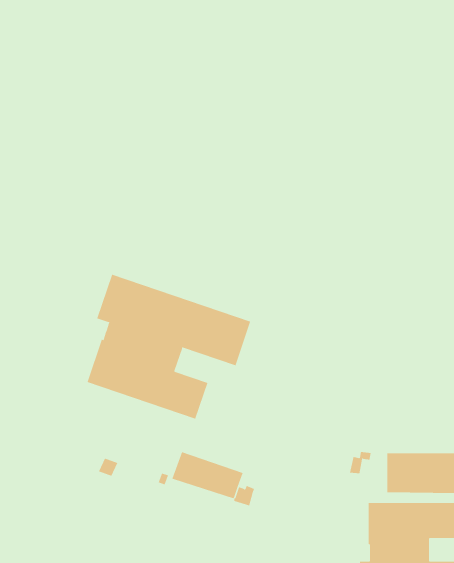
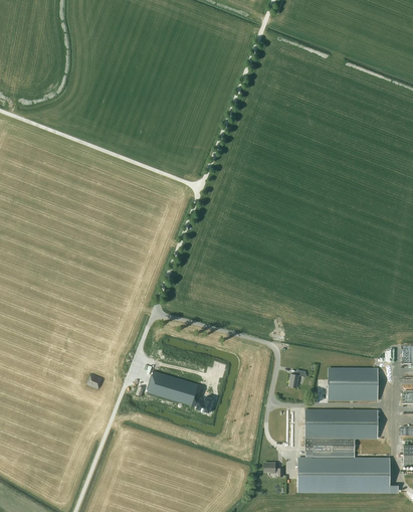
building: [87,274,251,420] -> none

